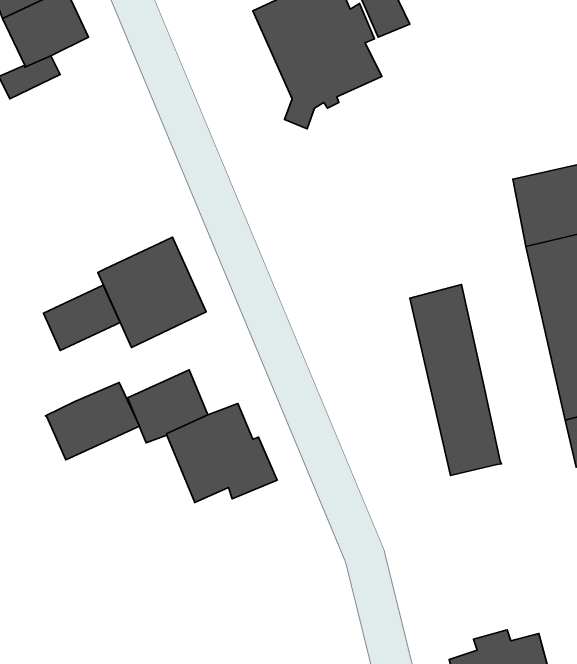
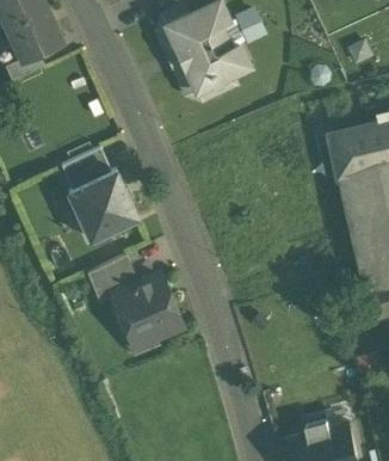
building: [410,284,502,475] -> none
building: [44,285,120,351] -> [60,148,109,190]
building: [45,382,139,460] -> none

